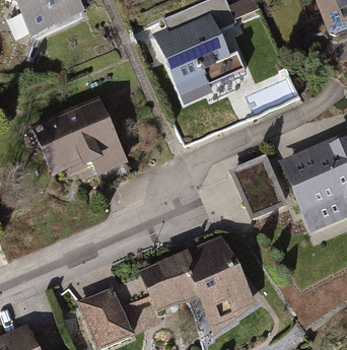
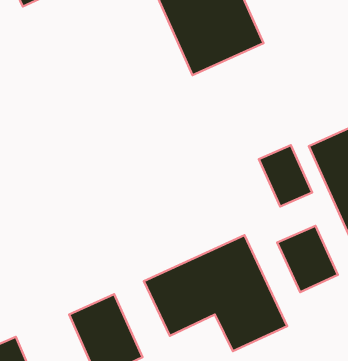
building: [30,94,129,182] -> none
building: none -> [277,226,338,292]

